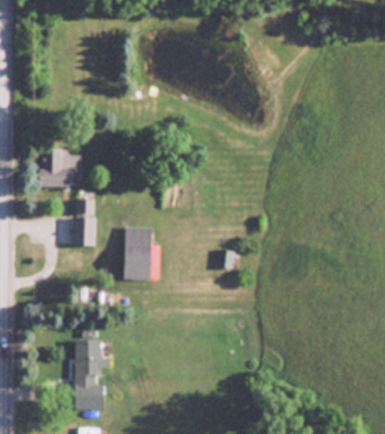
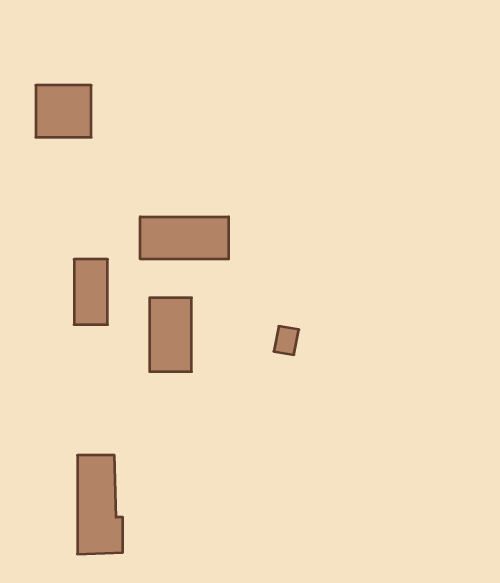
building: [42,150,81,187] -> [36,85,91,137]
building: none -> [140,217,229,259]

